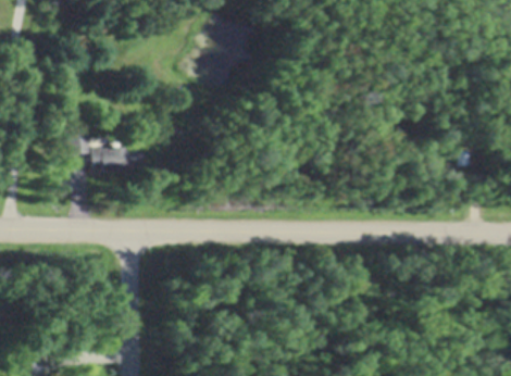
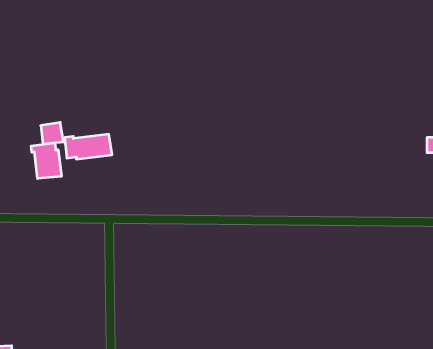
building: none -> [31,143,61,179]

